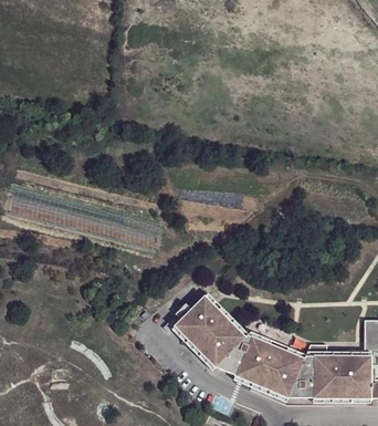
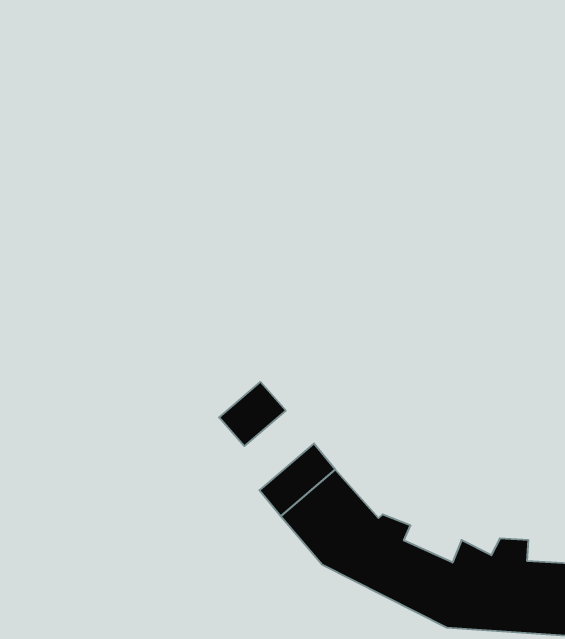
building: none -> [219,382,286,446]

